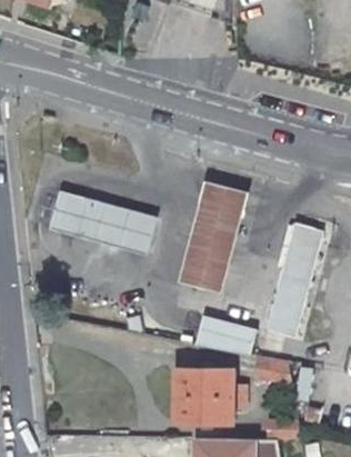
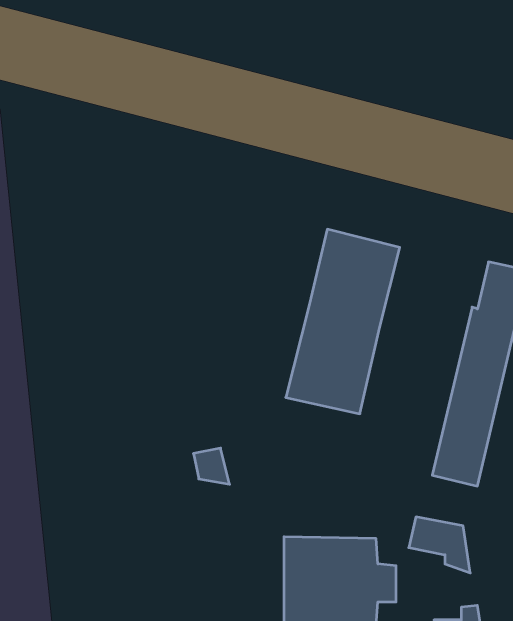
building: [53,199,153,249] -> none
building: [195,317,254,355] -> none

